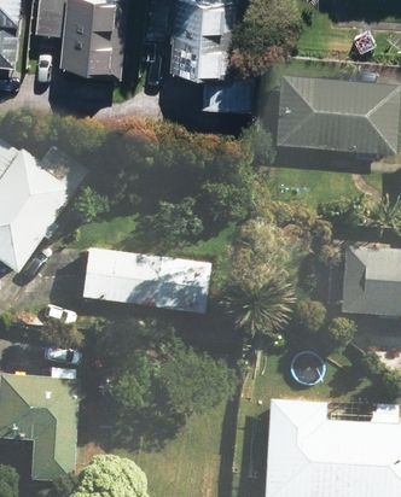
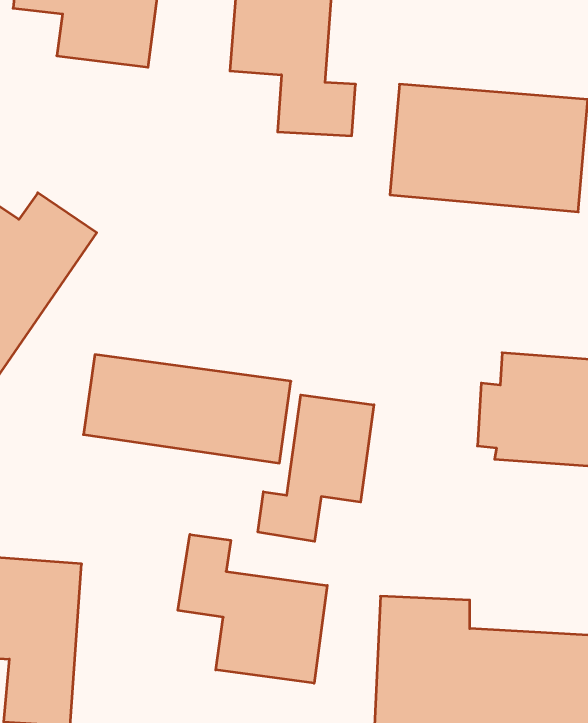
building: none -> [258,395,374,541]
building: none -> [178,534,327,683]

